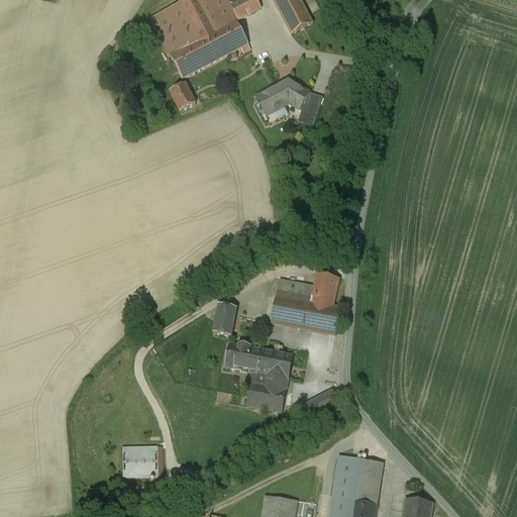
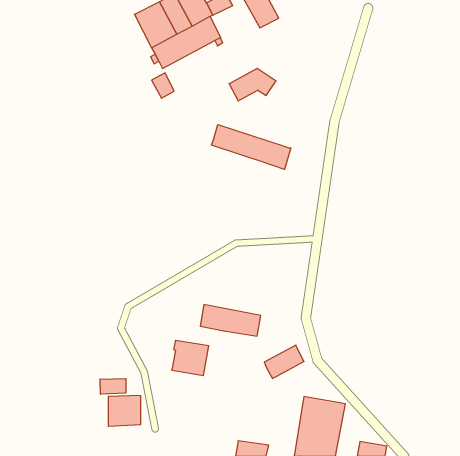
building: [298,92,322,124] -> none
building: none -> [211,125,291,169]
building: [271,272,340,333] -> none
building: [213,303,236,334] -> none
building: [246,371,288,410] -> [172,340,209,376]
building: none -> [100,379,126,394]

